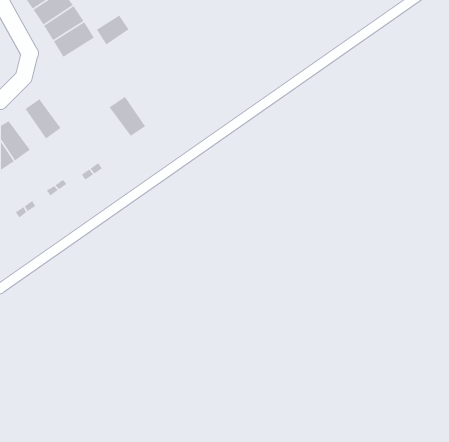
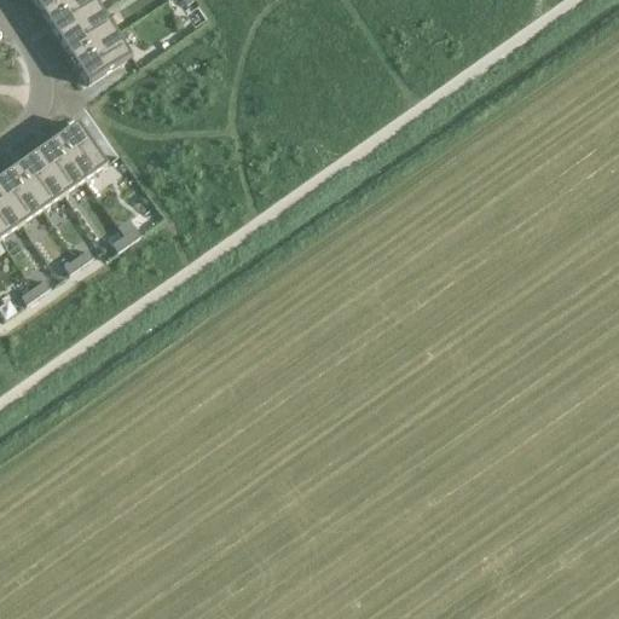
building: [96,15,129,46] -> none
building: [108,96,146,137] -> [54,120,106,177]
building: none -> [12,150,63,207]

